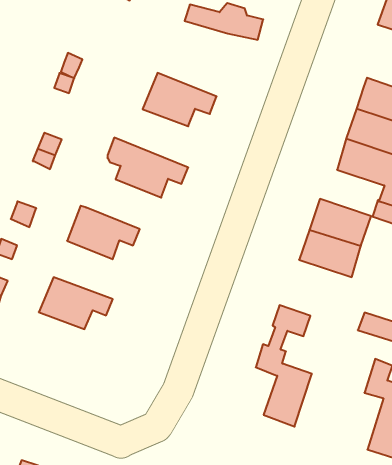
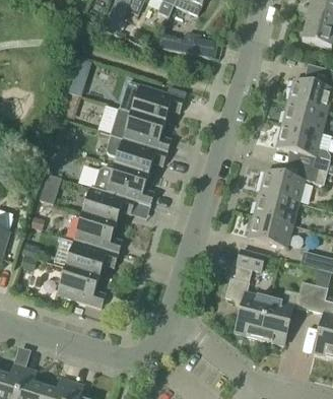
building: none -> [110,109,171,153]
building: none -> [93,165,154,206]
building: none -> [73,213,122,254]
building: none -> [247,215,292,248]
building: none -> [56,267,106,308]
building: none -> [258,281,314,344]

